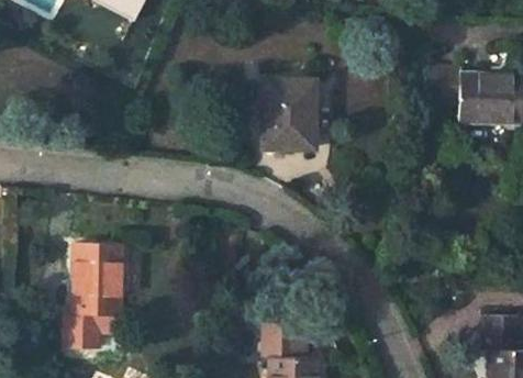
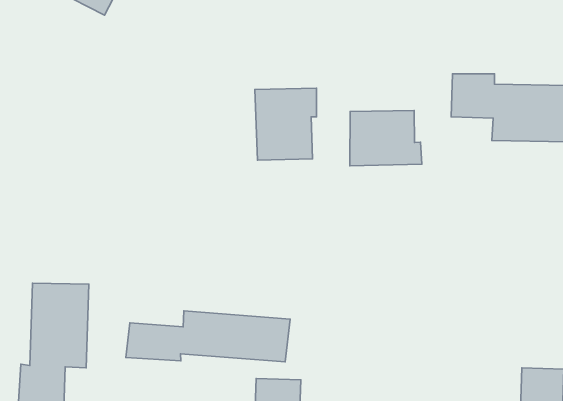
building: none -> [350,110,422,166]
building: none -> [126,311,290,362]

